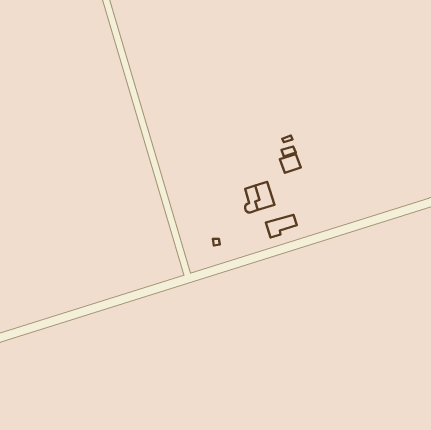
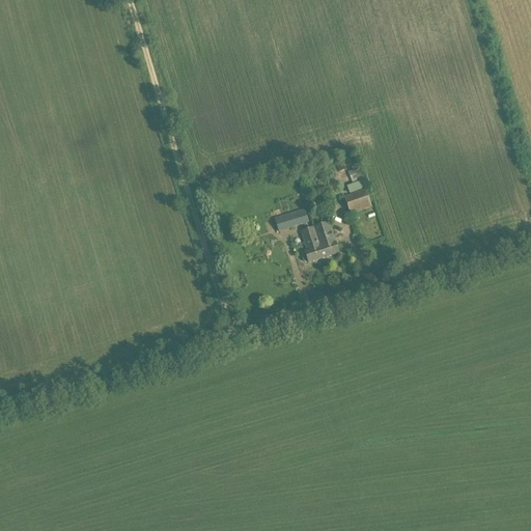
building: none -> [273,206,308,230]
building: [266,215,297,237] -> none

